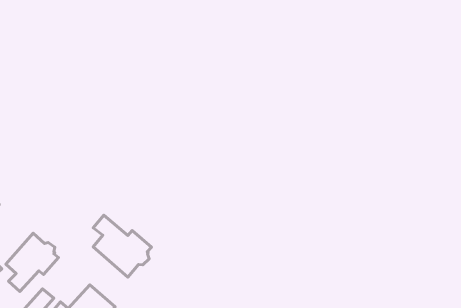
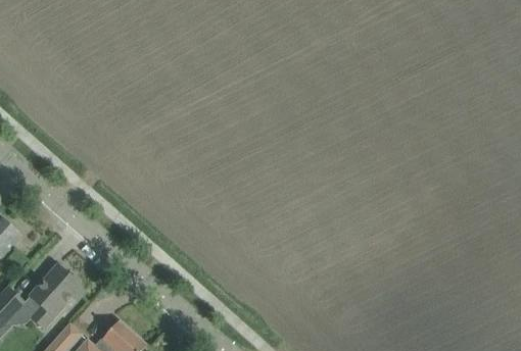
building: [93,215,152,277] -> none

